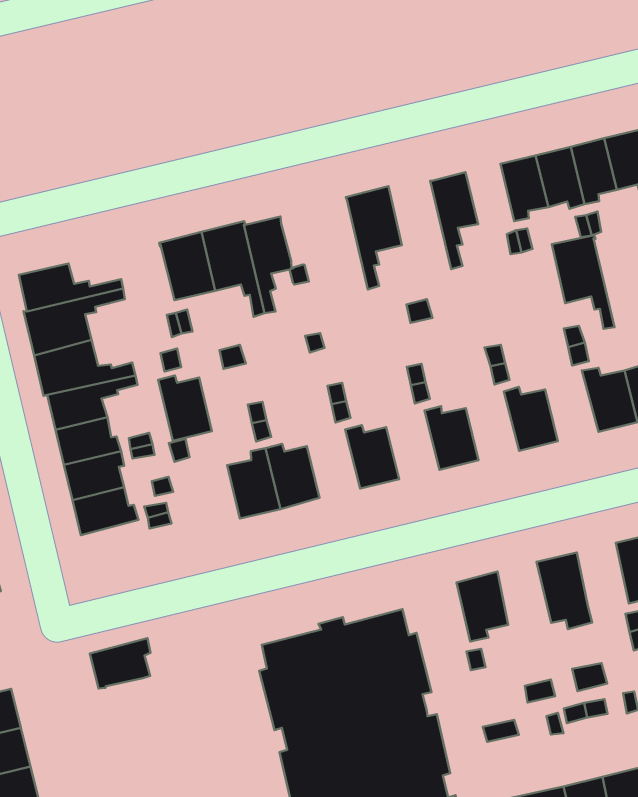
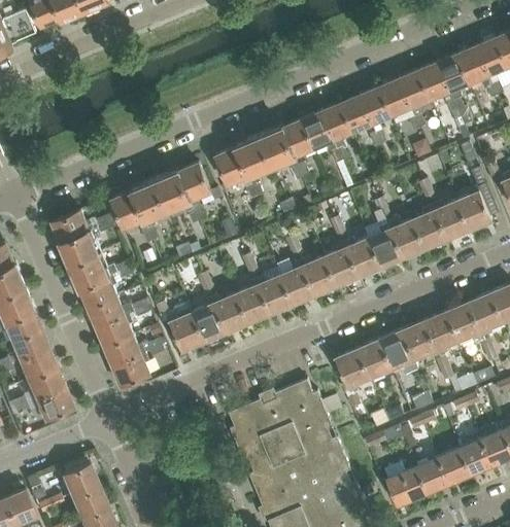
building: none -> [302,111,335,148]
building: none -> [215,147,257,199]
building: [552,235,615,329] -> [259,126,303,179]
building: none -> [111,190,146,229]
building: none -> [369,223,404,267]
building: [158,375,212,441] -> [168,312,204,351]
building: none -> [325,243,360,285]
building: none -> [280,261,315,304]
building: none -> [236,280,271,322]
building: none -> [403,320,438,359]
building: none -> [359,339,395,378]
building: [90,638,150,689] -> [113,352,150,386]

